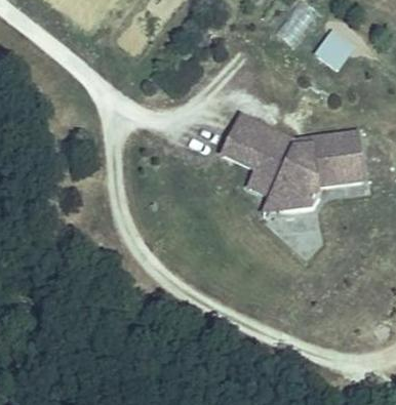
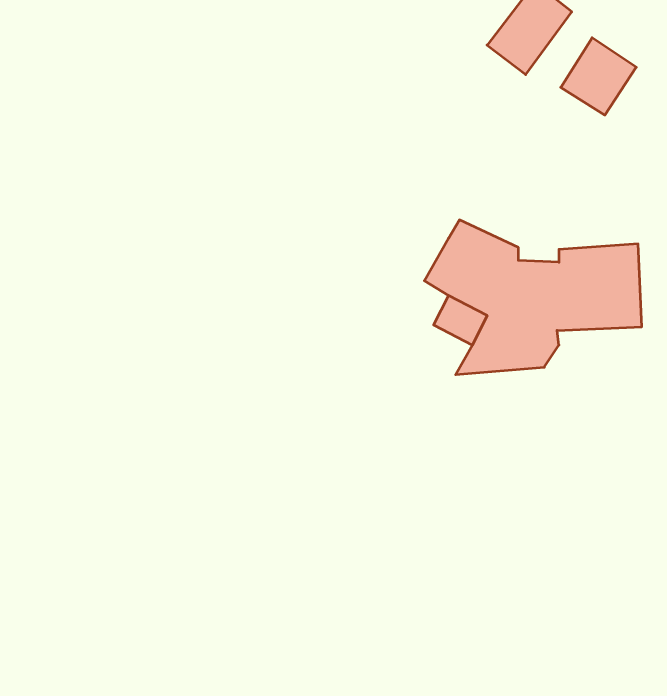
building: [220,114,259,159] -> none

